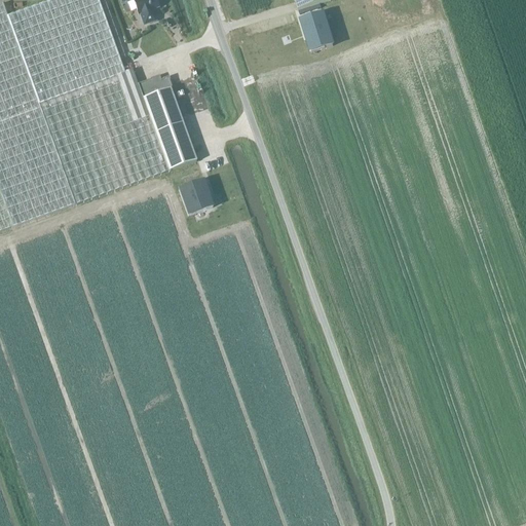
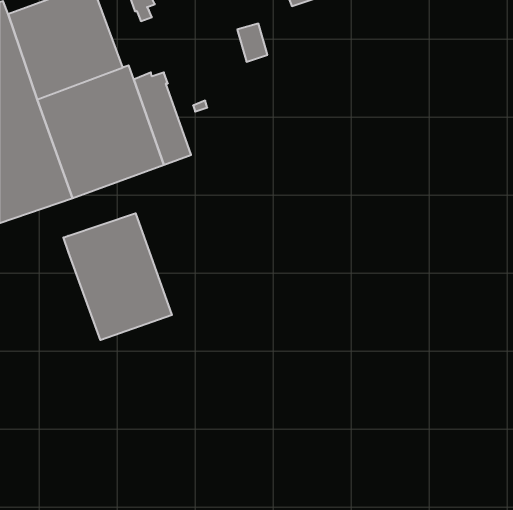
building: [301,9,332,48] -> [237,24,267,62]
building: [178,178,212,213] -> none
building: none -> [63,213,172,340]

